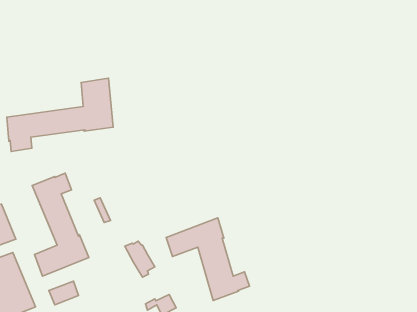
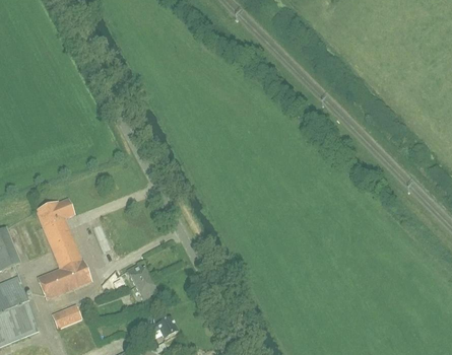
building: [7,78,113,151] -> none
building: [166,218,249,301] -> none

